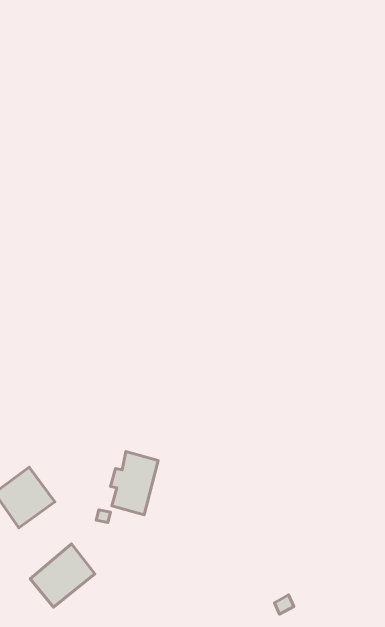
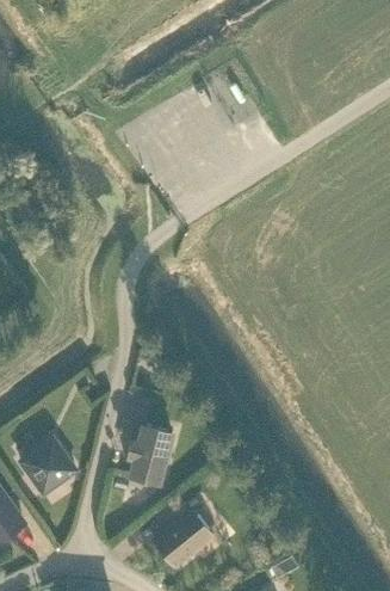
building: [30,544,95,607] -> [153,510,212,568]

